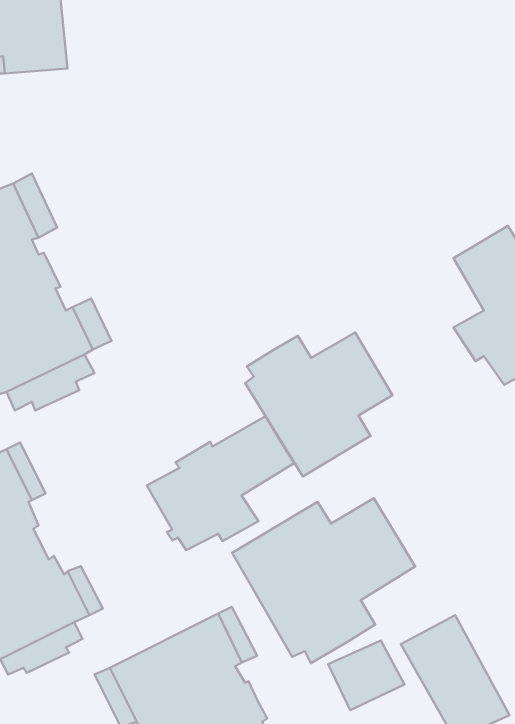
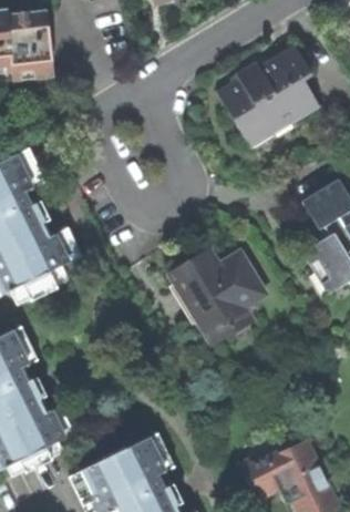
building: none -> [215,43,309,145]
building: [147,416,294,550] -> none
building: [232,498,415,663] -> none

